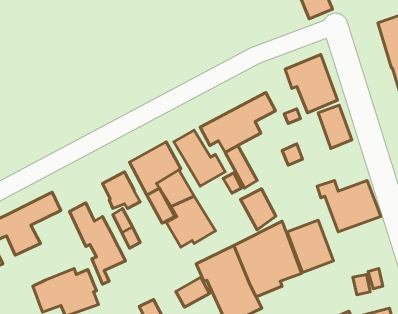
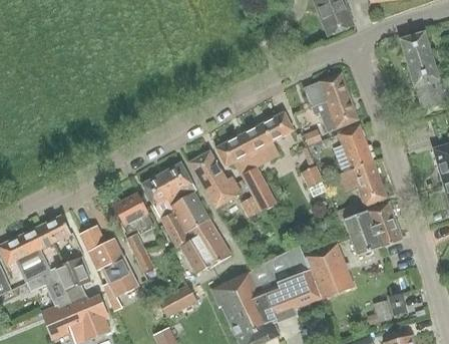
building: none -> [338,160,387,206]
building: [241,189,276,230] -> none
building: none -> [27,258,91,306]
building: [176,277,210,307] -> [159,283,194,314]

